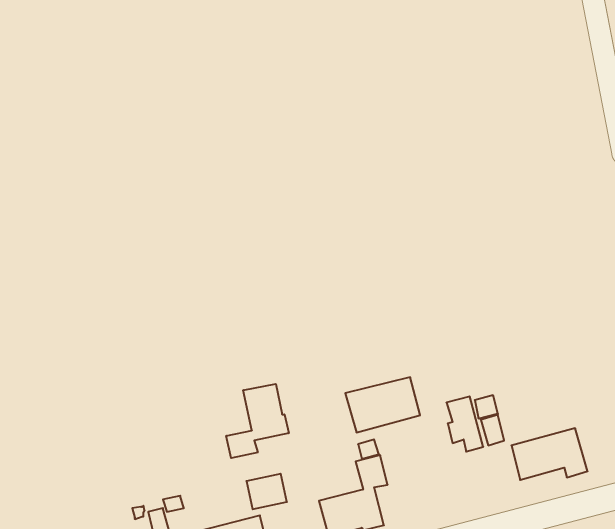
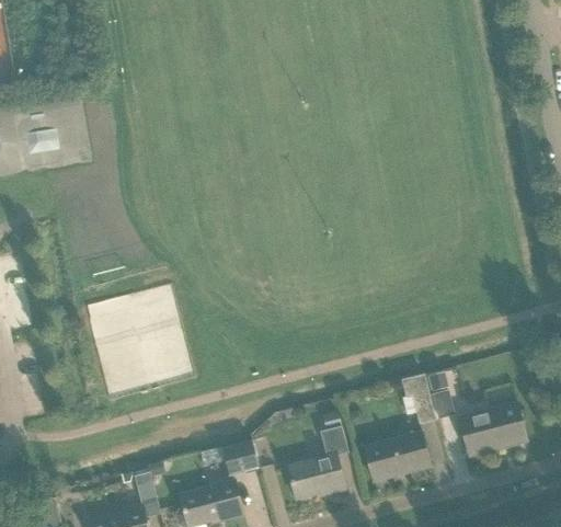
building: [345,377,420,432] -> [364,432,431,481]
building: [226,384,289,458] -> none

